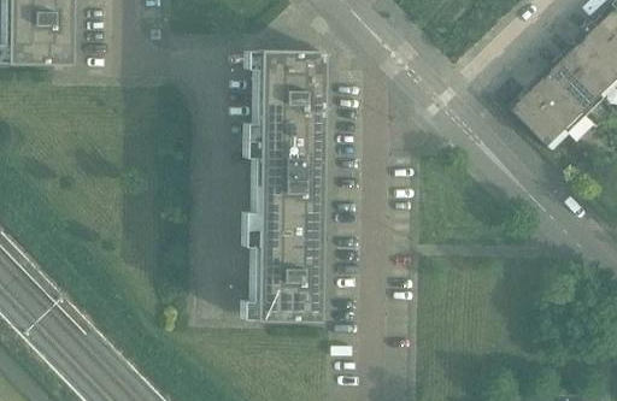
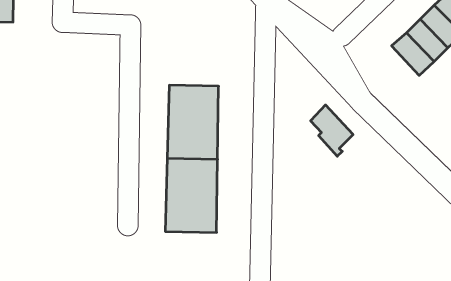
building: [259,46,322,137] -> none
building: [512,88,564,151] -> [311,105,353,156]

